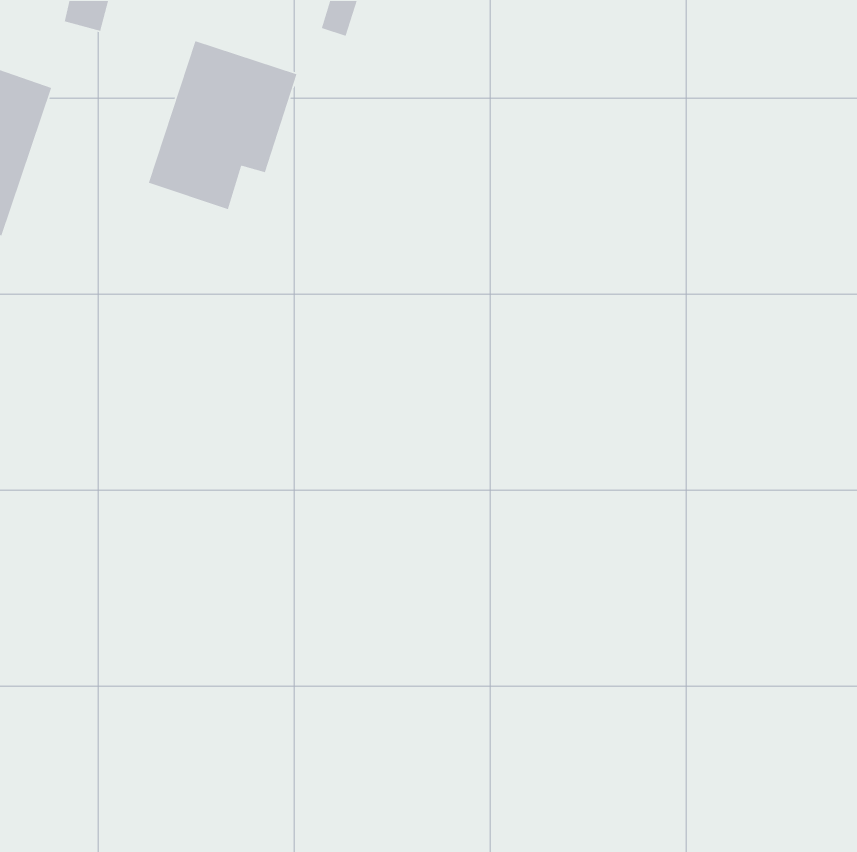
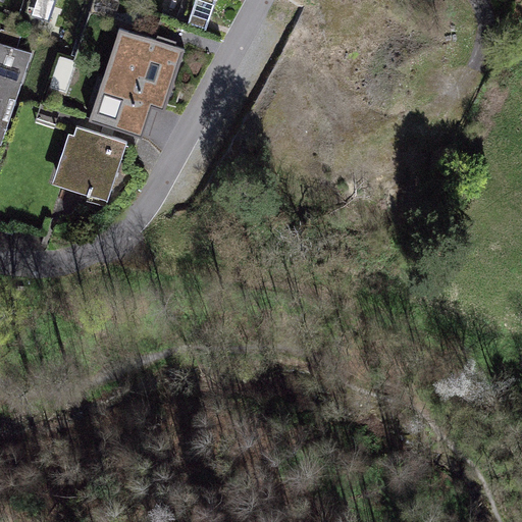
building: none -> [51,125,126,202]

